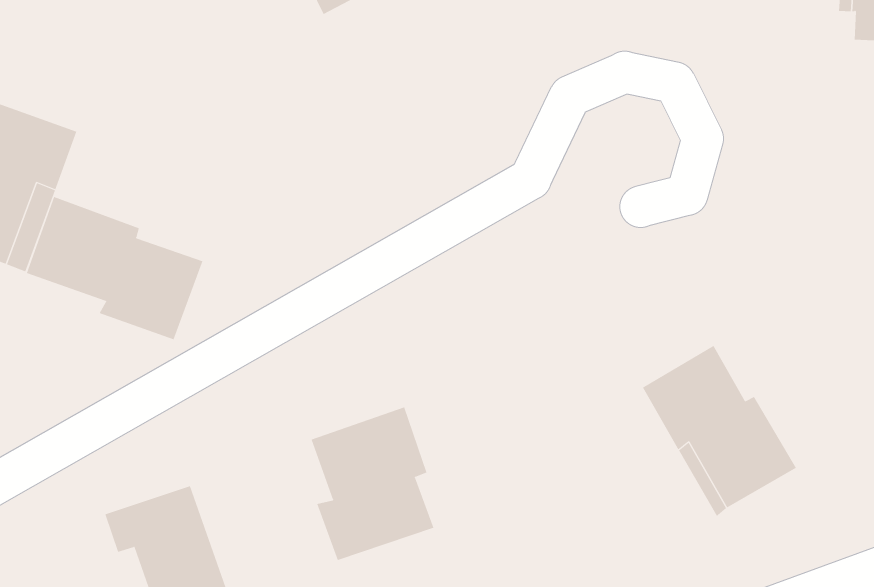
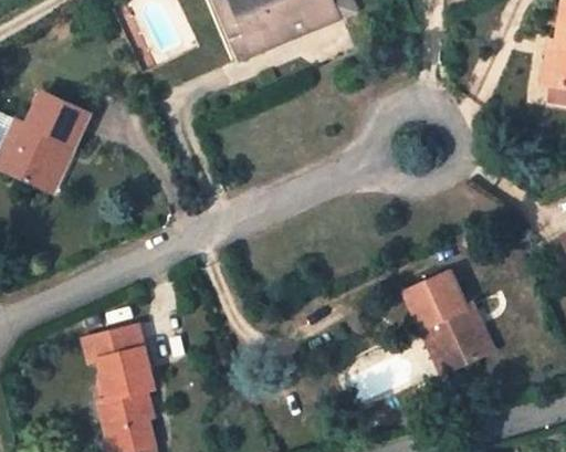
building: [26,196,203,340] -> none
building: [311,406,434,561] -> none

